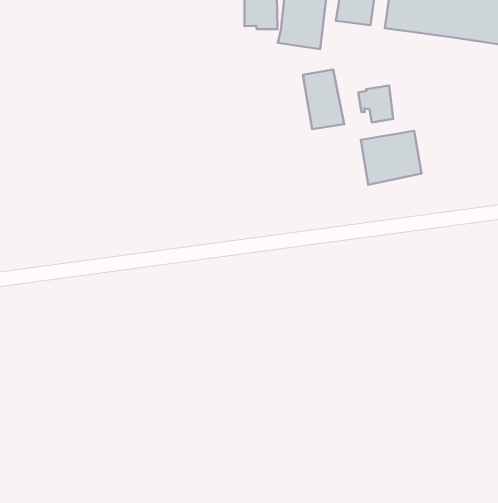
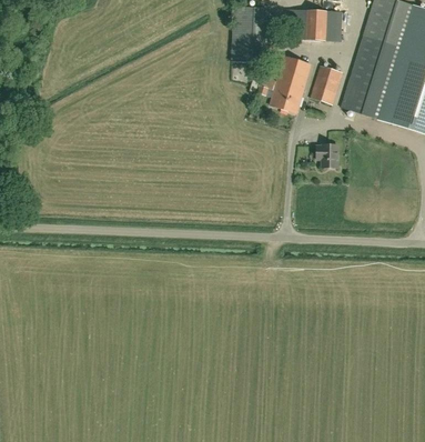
building: [303,70,344,129] -> none
building: [361,131,422,185] -> none

